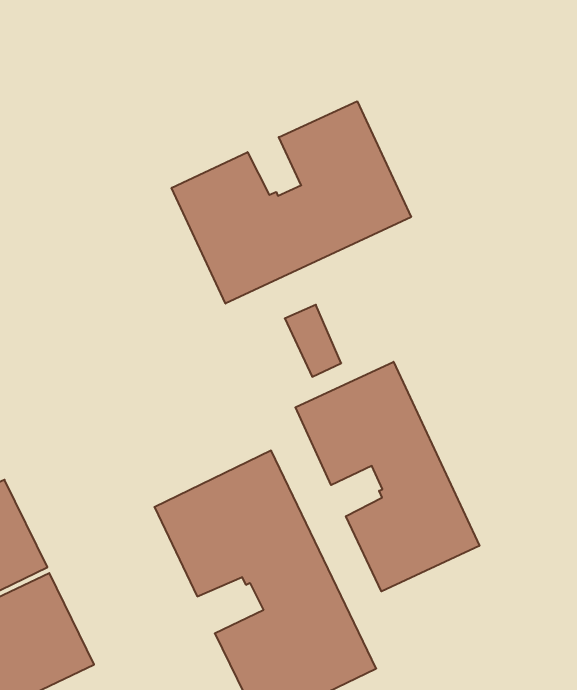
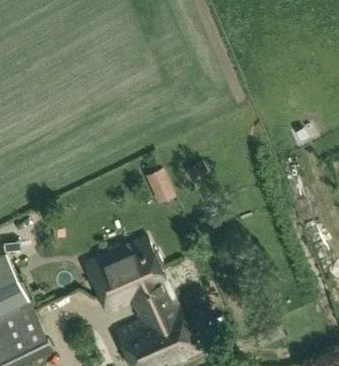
building: [172,101,411,304] -> none
building: [295,362,479,591] -> none

